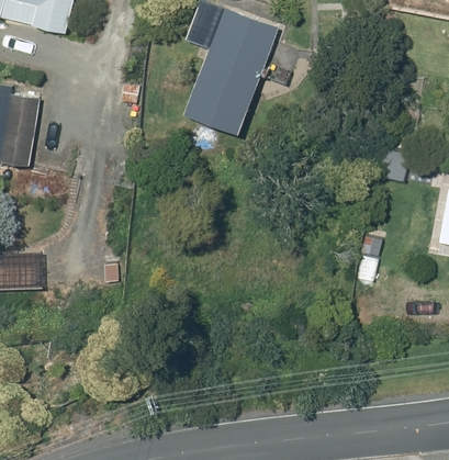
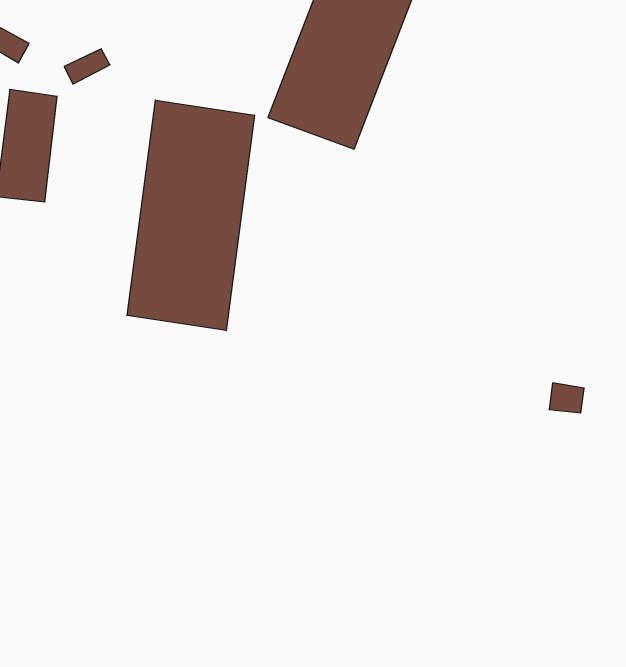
building: none -> [127,100,254,331]

